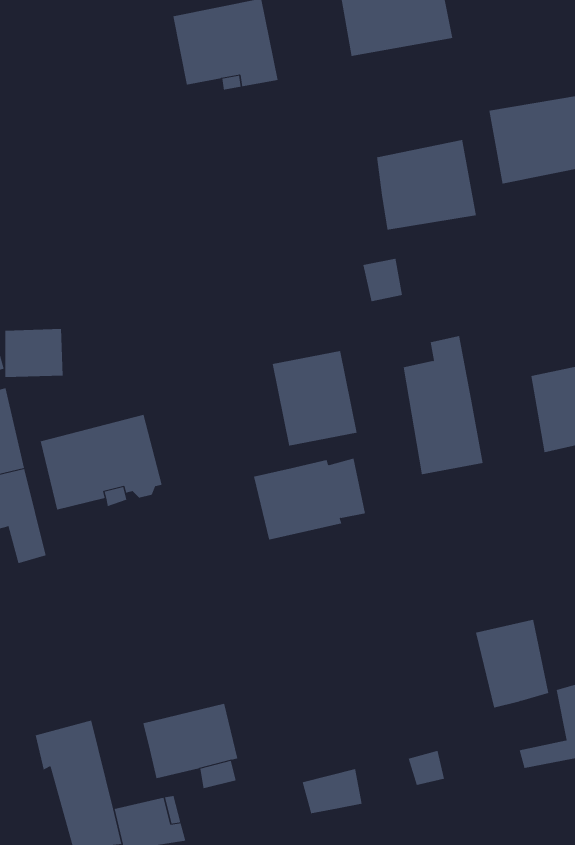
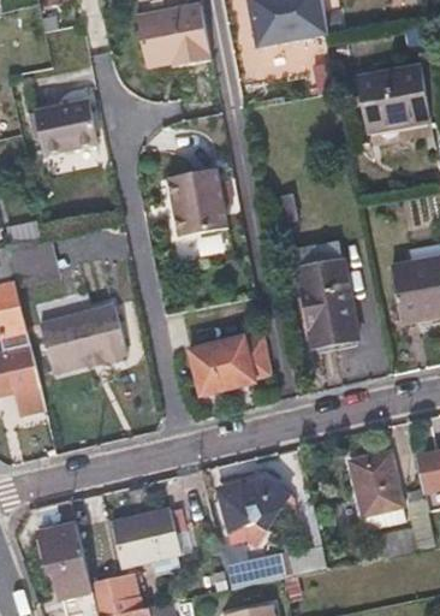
building: none -> [32,95,94,150]
building: [377,139,477,231] -> none
building: [272,350,357,446] -> [165,167,226,236]
building: none -> [227,476,279,531]

